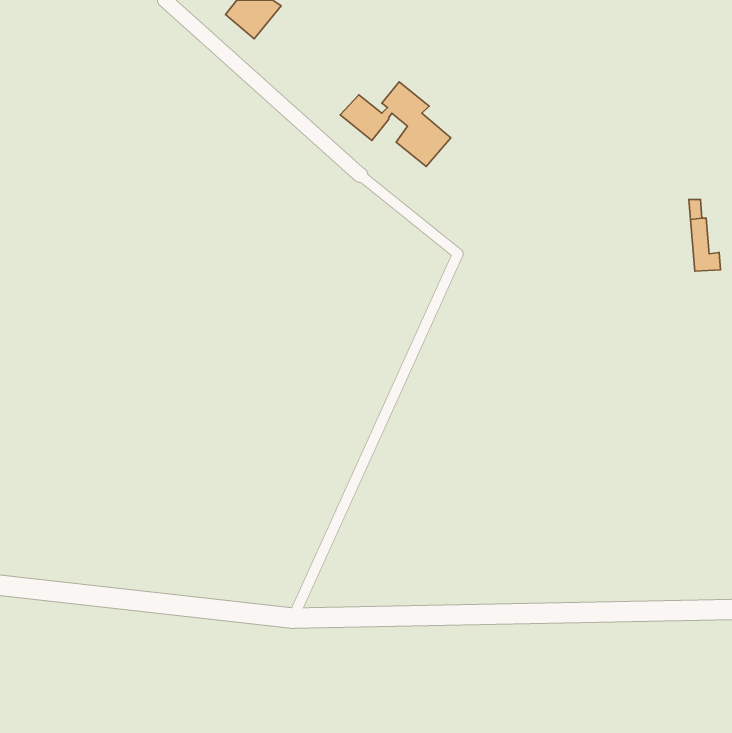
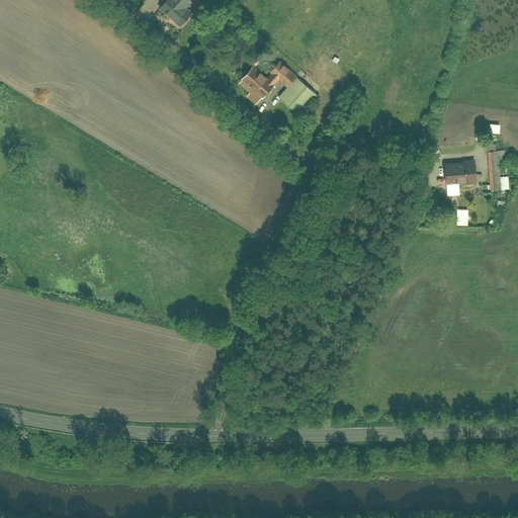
building: none -> [444,165,476,184]

